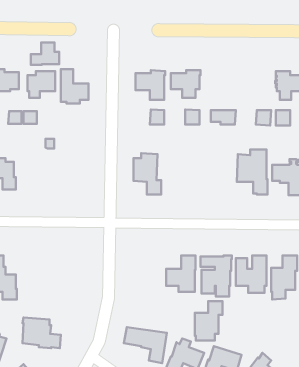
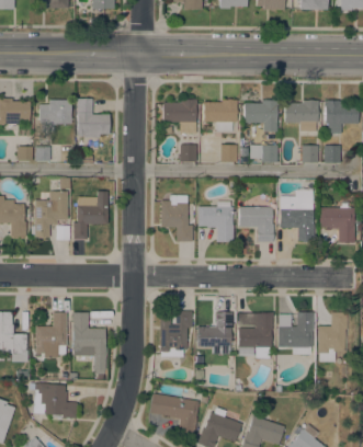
building: [31,43,59,65] -> none
building: none -> [245,100,277,130]
building: none -> [285,100,319,131]
building: none -> [35,191,68,237]
building: none -> [73,191,107,238]
building: none -> [198,200,234,241]
building: none -> [239,206,274,241]
building: none -> [72,311,105,373]
building: none -> [35,312,67,357]
building: [195,301,222,340] -> [160,311,192,356]

